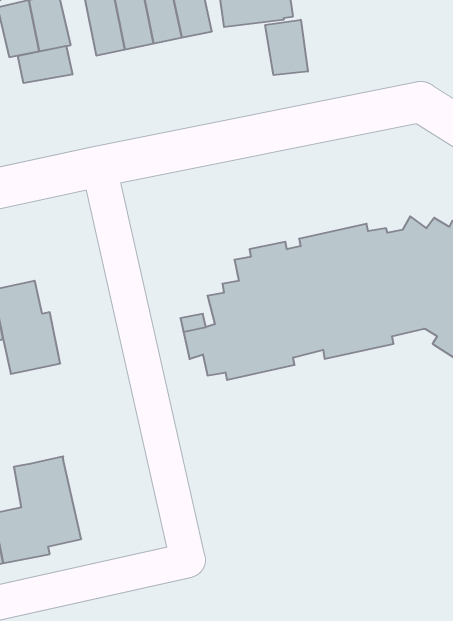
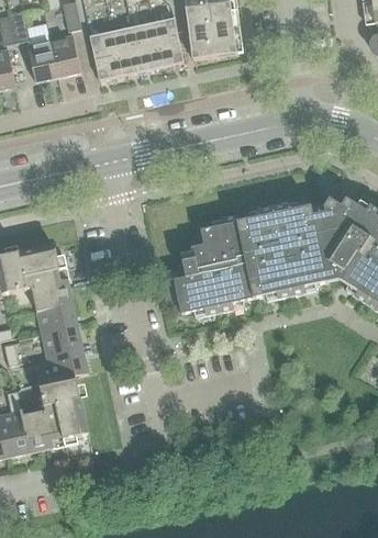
building: [265,20,308,75] -> none
building: [18,46,72,83] -> none
building: none -> [36,305,88,379]

